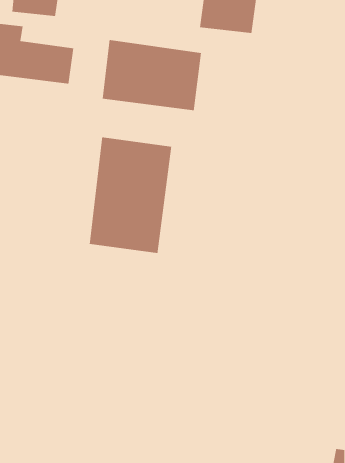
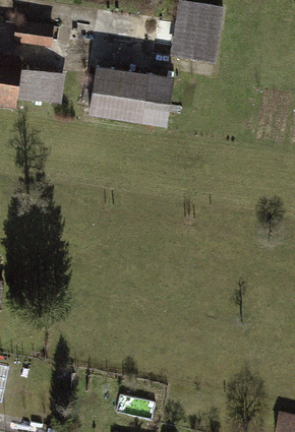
building: [89,137,172,254] -> none

